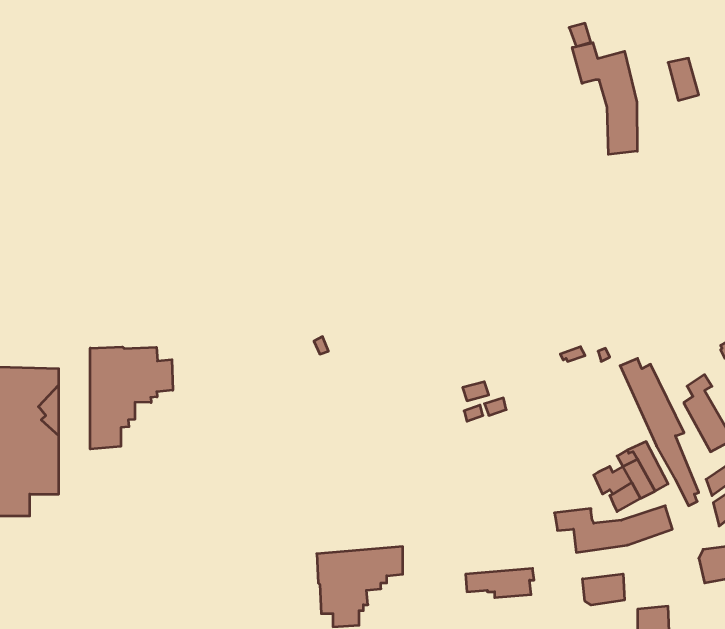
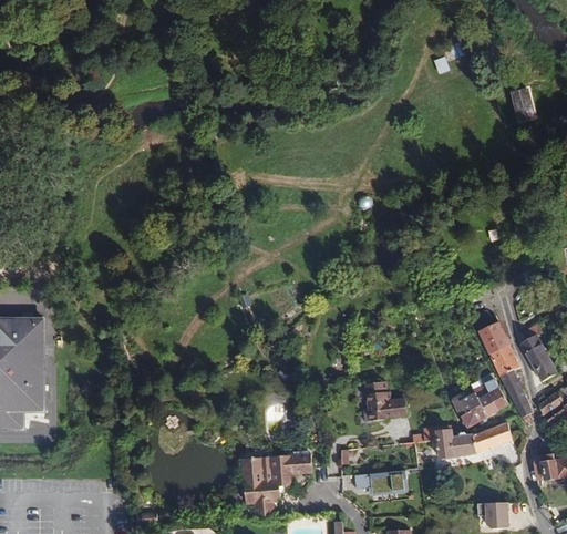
building: [572,43,637,154] -> none
building: [90,347,173,449] -> none
building: none -> [362,382,406,422]
building: [583,574,624,605] -> none

